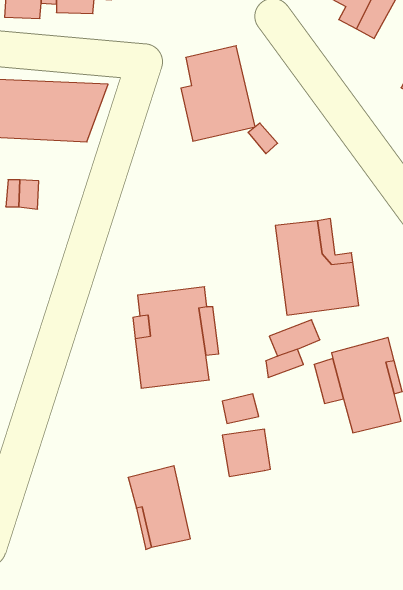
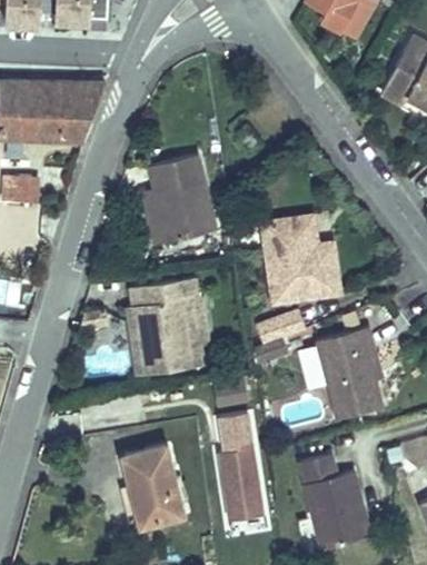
building: [181,46,255,141] -> [142,152,212,242]
building: none -> [219,450,261,522]
building: none -> [300,453,373,549]

